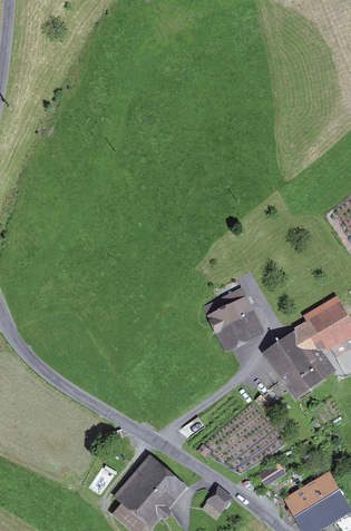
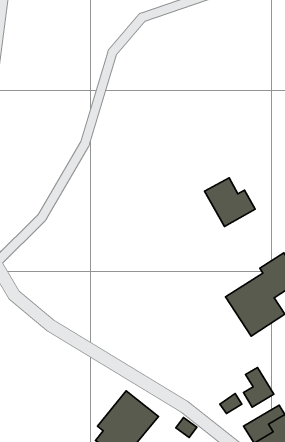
building: [204,292,263,348] -> [204,178,255,226]
building: none -> [244,368,274,407]

